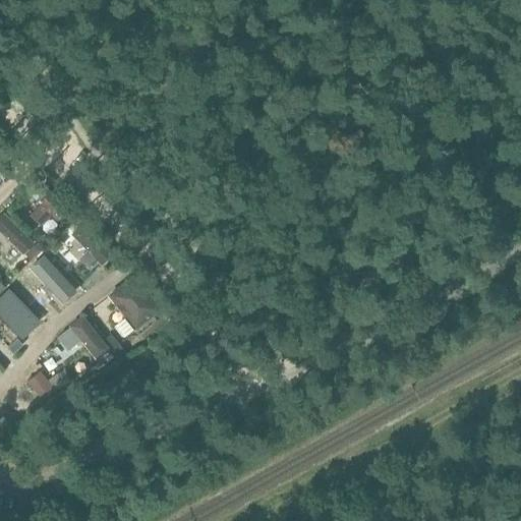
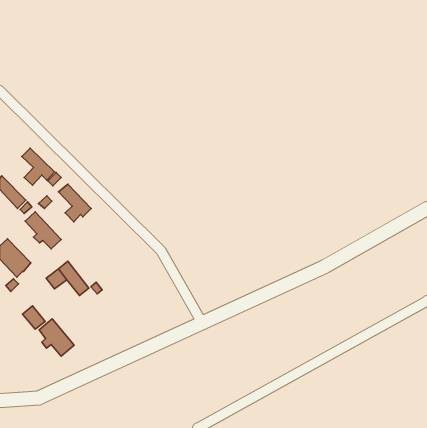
building: [109,277,160,328] -> none
building: none -> [39,319,74,356]

